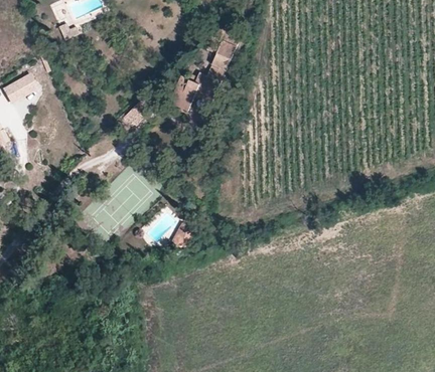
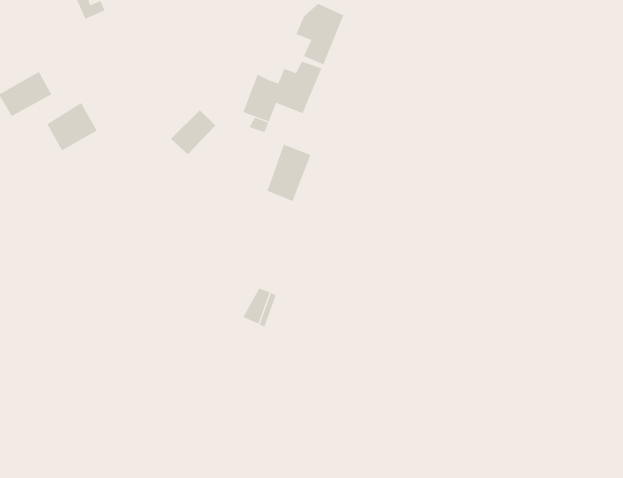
building: none -> [47,102,98,151]
building: none -> [267,144,311,202]

